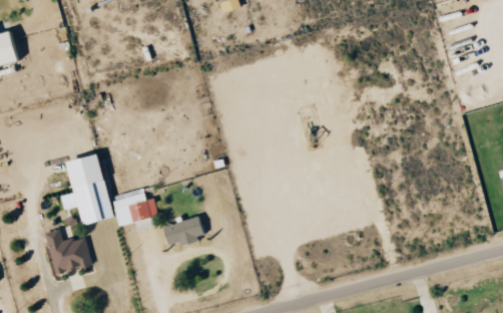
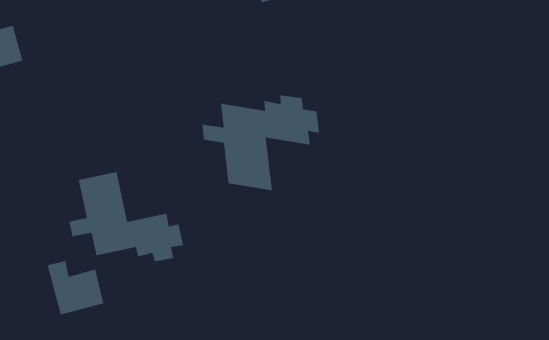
building: none -> [202,94,319,191]
building: [164,218,204,247] -> none

